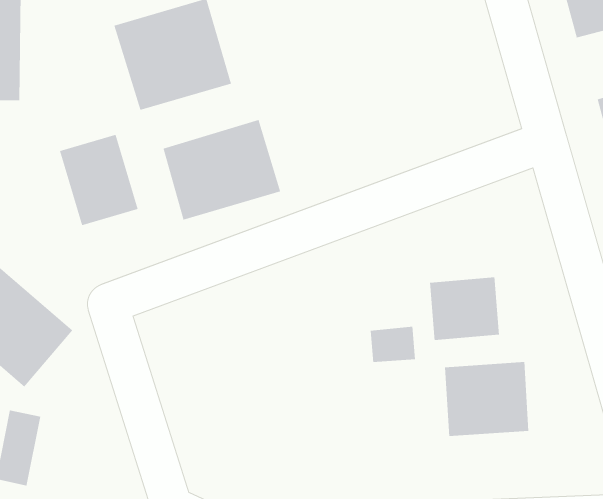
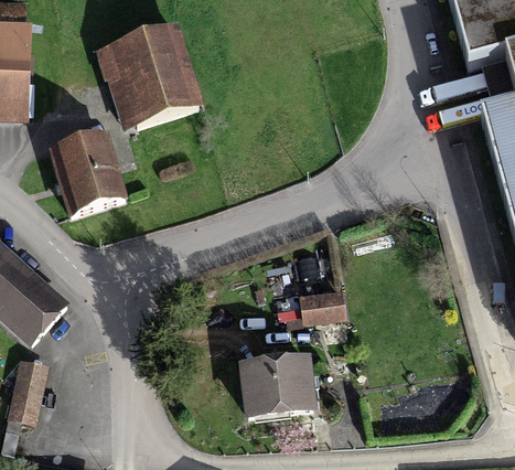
building: [163,119,281,221] -> none
building: [429,276,500,341] -> none
building: [444,361,529,437] -> [246,361,313,420]

